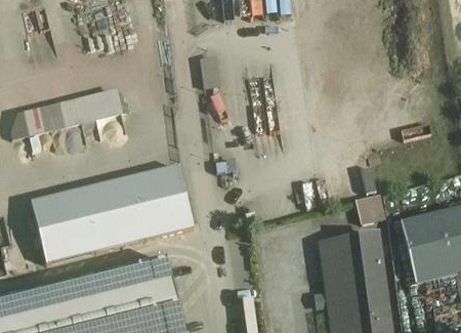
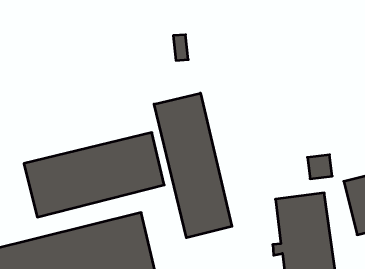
building: [22,89,121,134] -> none
building: none -> [154,93,232,238]

